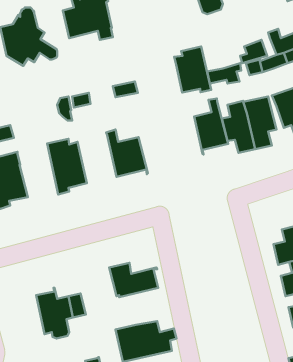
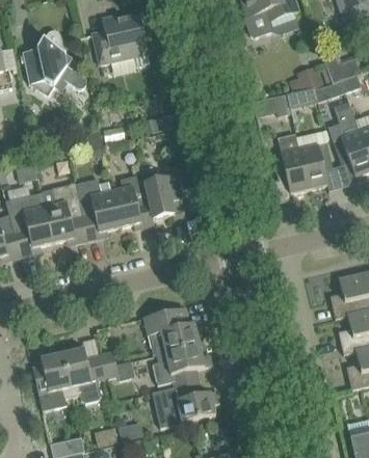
building: [174,47,211,93] -> none
building: [194,98,228,154] -> none
building: none -> [111,173,154,227]
building: none -> [42,183,87,243]
building: none -> [152,345,212,386]
building: none -> [31,353,72,411]

